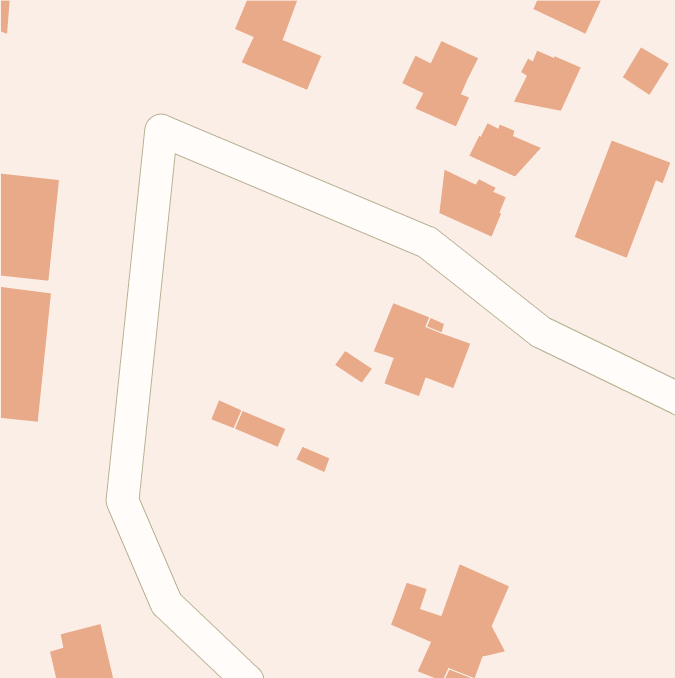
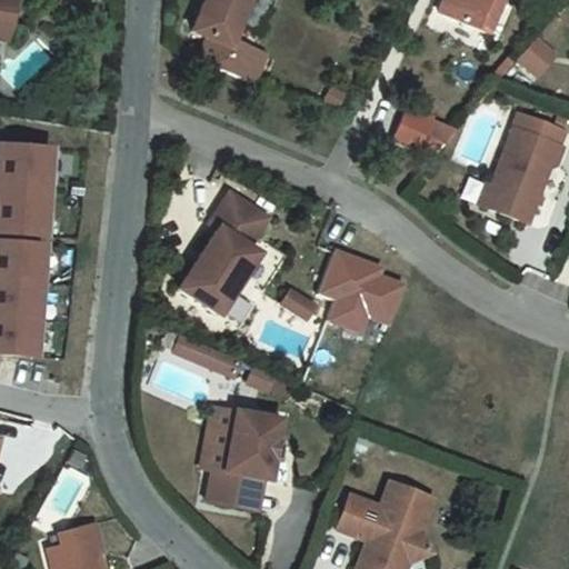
building: [402,40,479,127] -> none
building: [513,50,582,112] -> none
building: [439,169,507,238] -> none
building: none -> [182,197,270,316]
building: none -> [204,403,281,500]

